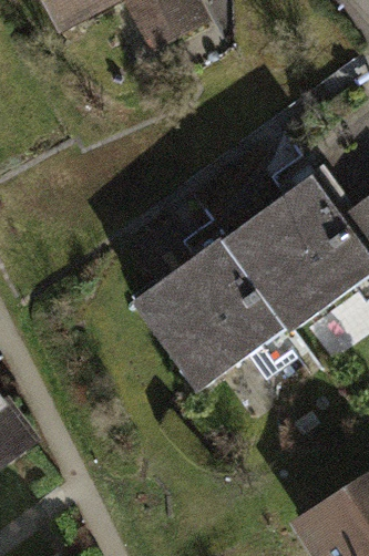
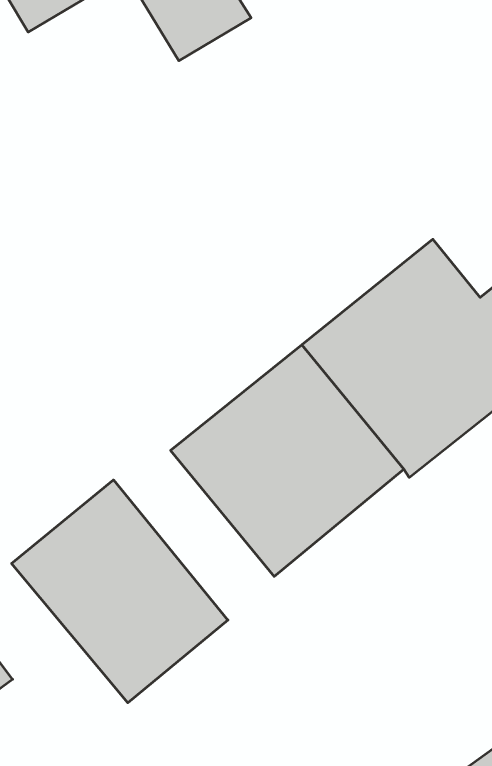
building: none -> [12,480,228,703]

